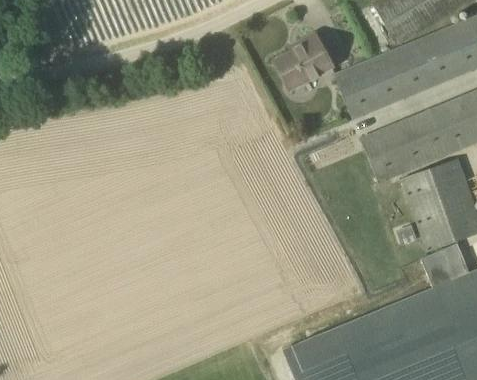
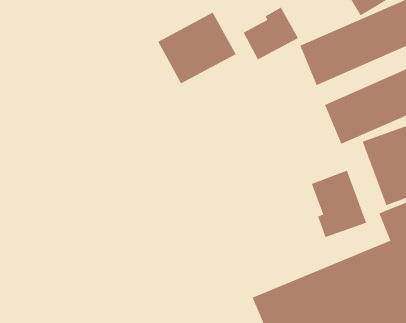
building: none -> [157,12,236,84]
building: none -> [311,170,367,238]

